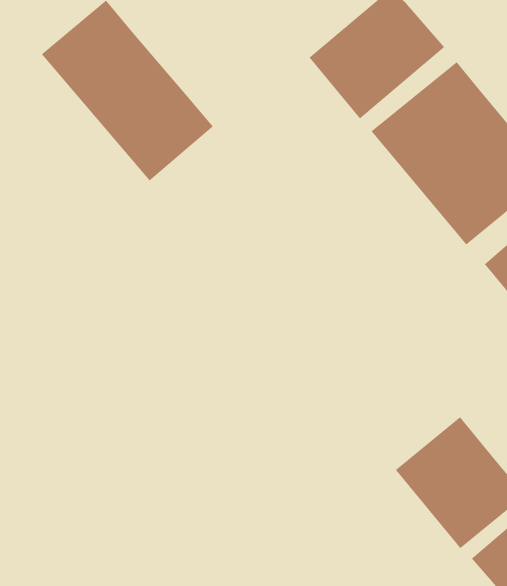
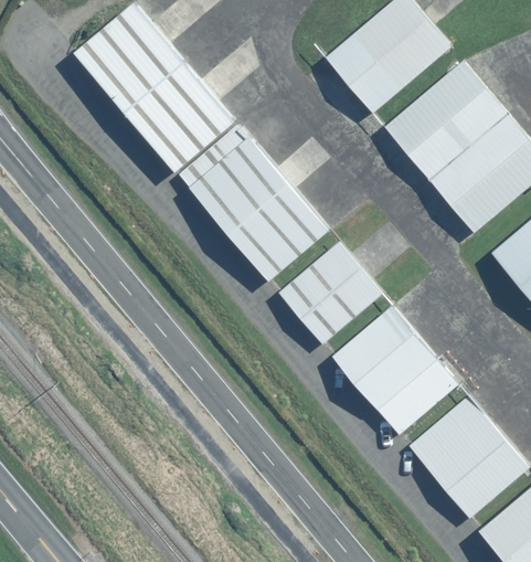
building: none -> [179,125,330,283]
building: none -> [277,242,384,348]
building: none -> [331,306,459,436]

